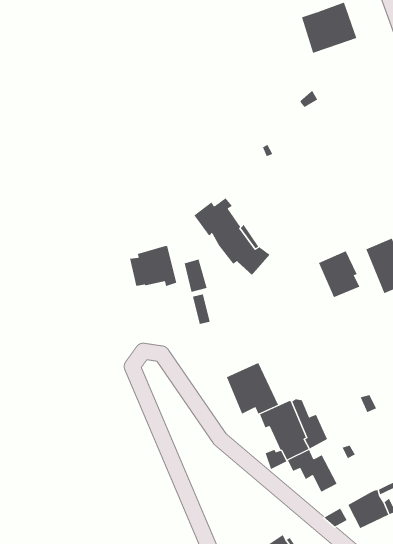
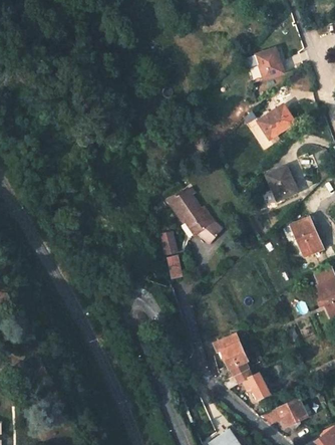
building: none -> [258,104,295,140]
building: [130,245,177,287] -> none
building: [318,250,360,298] -> [266,167,296,201]
building: [226,362,279,415] -> none

